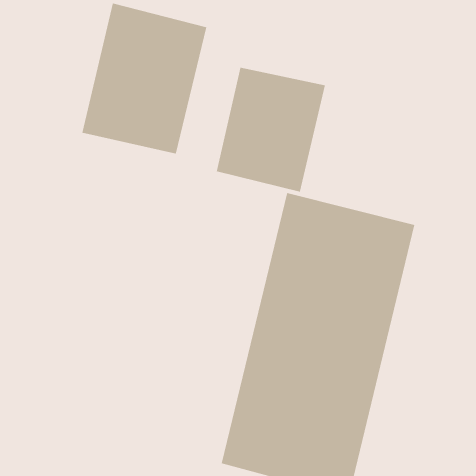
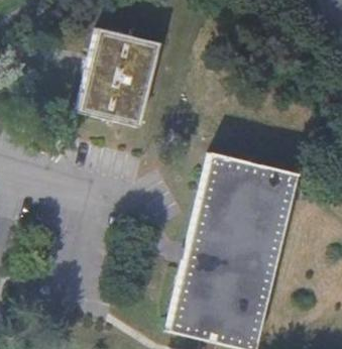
building: [216,67,326,193] -> none

